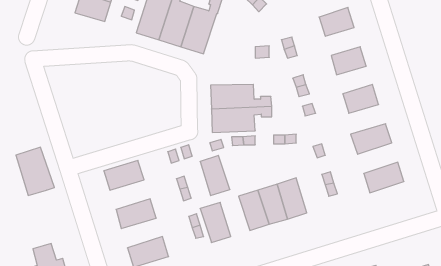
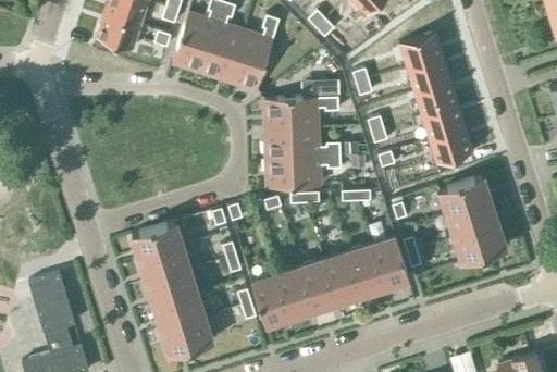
building: none -> [407,57,450,91]
building: none -> [263,96,338,128]
building: none -> [421,104,466,139]
building: none -> [447,200,497,238]
building: [16,147,54,195] -> [28,272,76,332]
building: [200,155,230,196] -> [276,266,313,317]
building: none -> [371,236,409,287]
building: none -> [139,246,189,283]
building: none -> [153,294,205,331]

